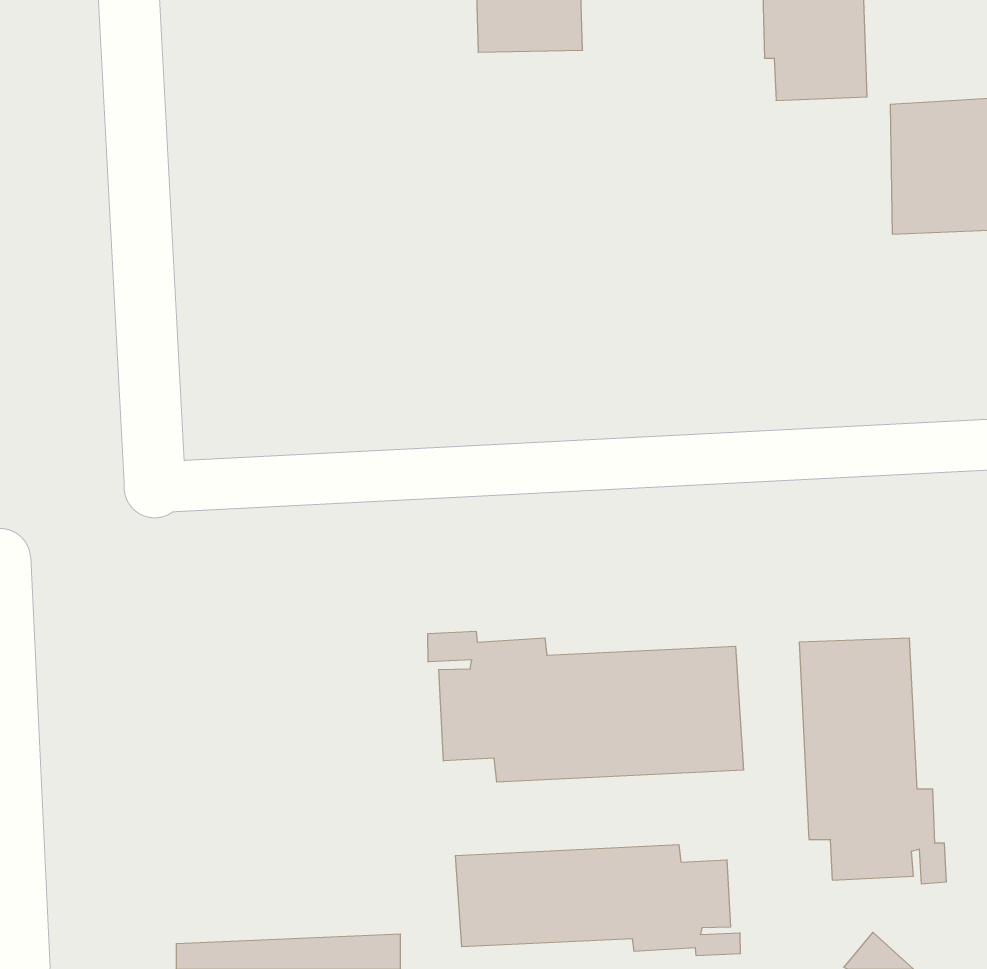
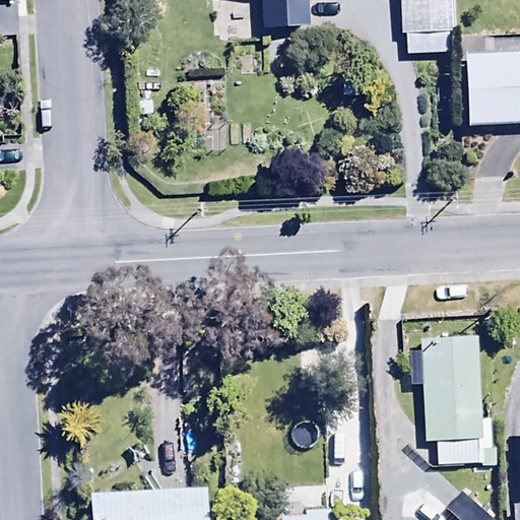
building: [428,631,743,782] -> none
building: [455,845,740,956] -> none

